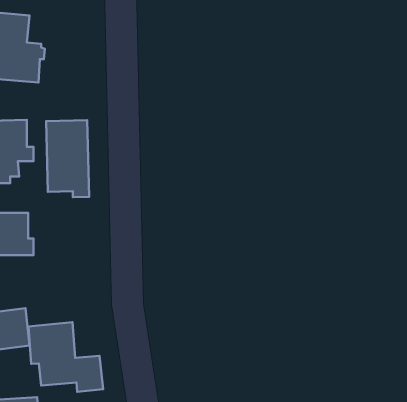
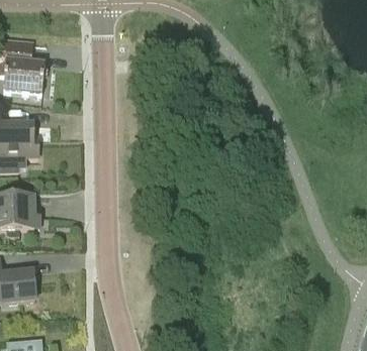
building: [46,120,89,197] -> none
building: [28,322,103,392] -> none

